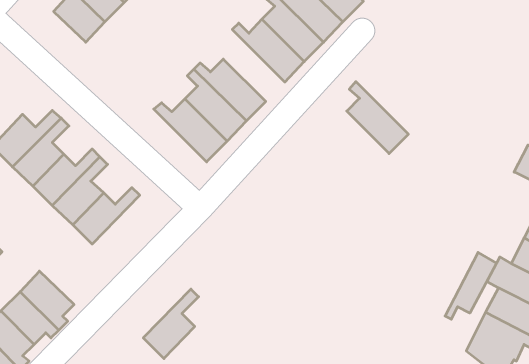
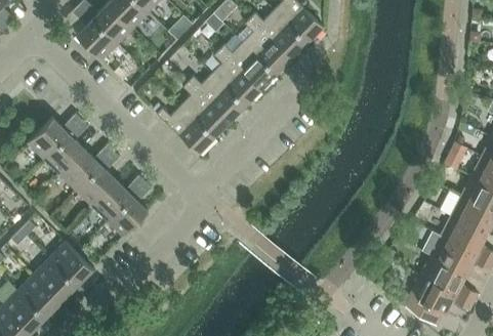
building: [347,82,408,154] -> [211,50,260,108]
building: [445,252,497,319] -> none
building: [143,289,199,359] -> [107,182,151,238]

